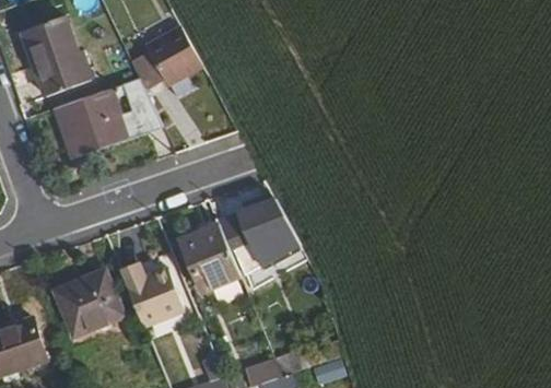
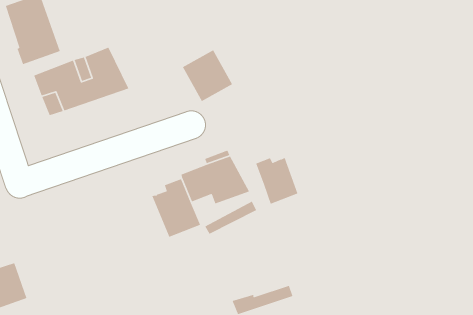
building: [146,35,203,94] -> [182,49,233,102]
building: none -> [255,157,298,205]
building: [119,262,184,326] -> none
building: [52,271,120,338] -> none

